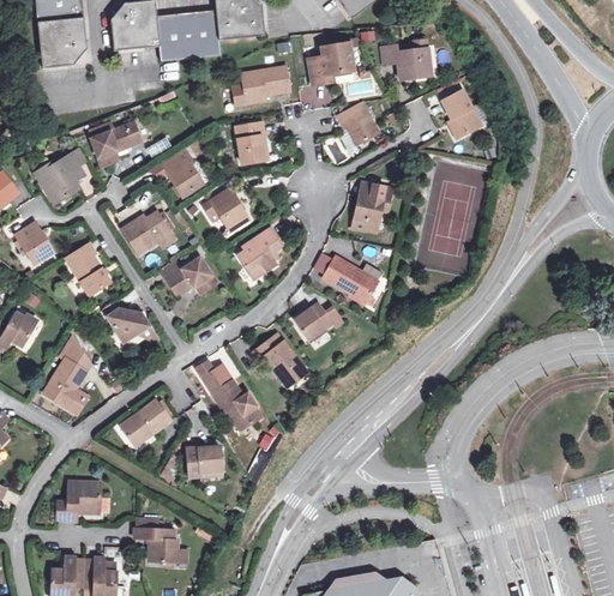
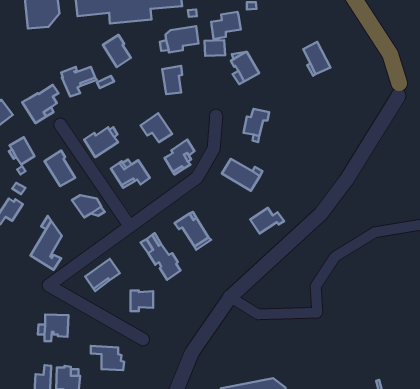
building: [380,42,428,74] -> none
building: [162,150,203,197] -> [103,35,131,67]
building: [296,302,345,339] -> [250,208,284,234]

